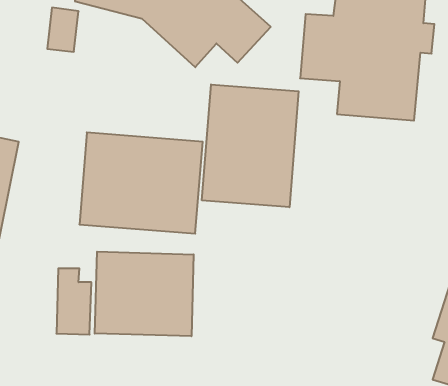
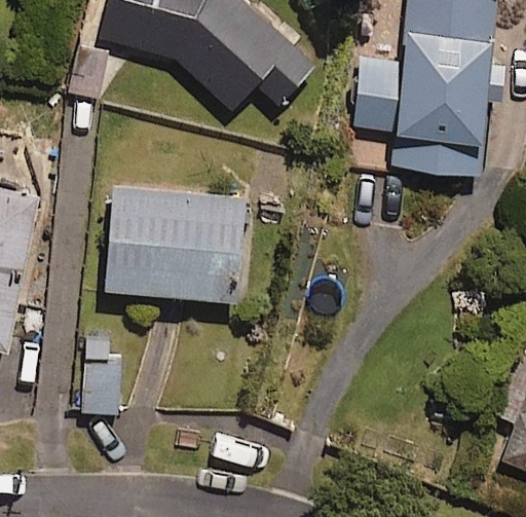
building: [202,84,299,207] -> none
building: [95,252,194,336] -> none

